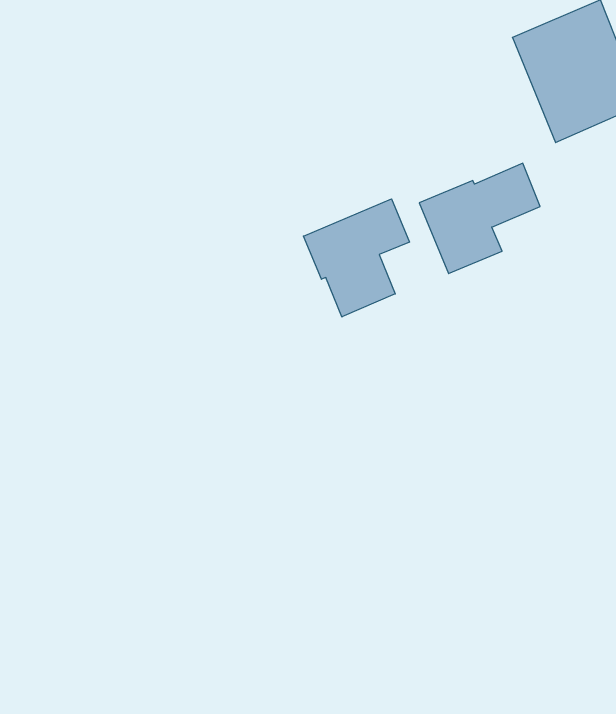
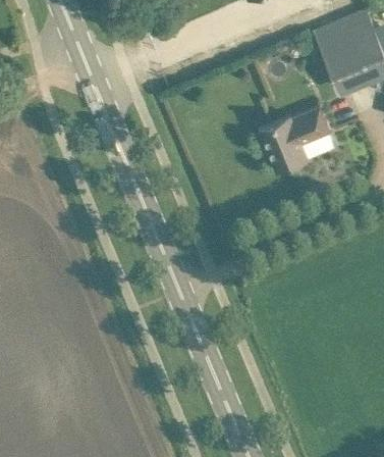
building: [303,199,410,317] -> none

